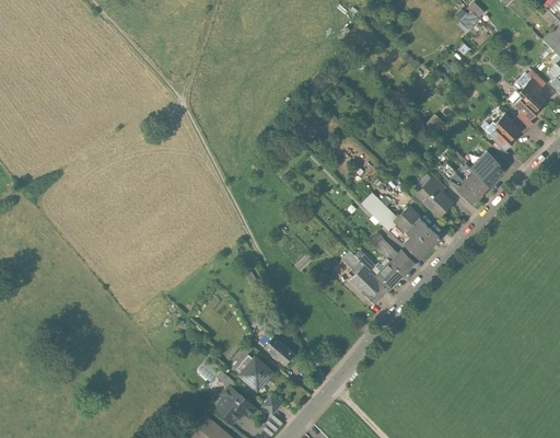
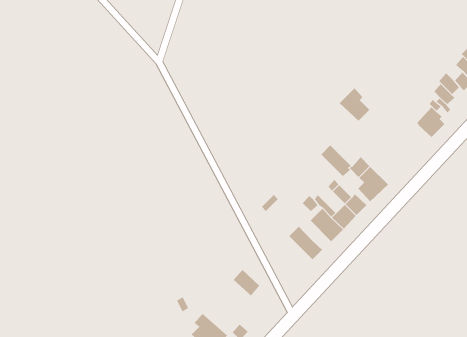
building: [450,173,487,203] -> none
building: [416,178,451,217] -> [339,88,370,122]
building: none -> [289,226,323,260]
building: [238,356,275,391] -> none

